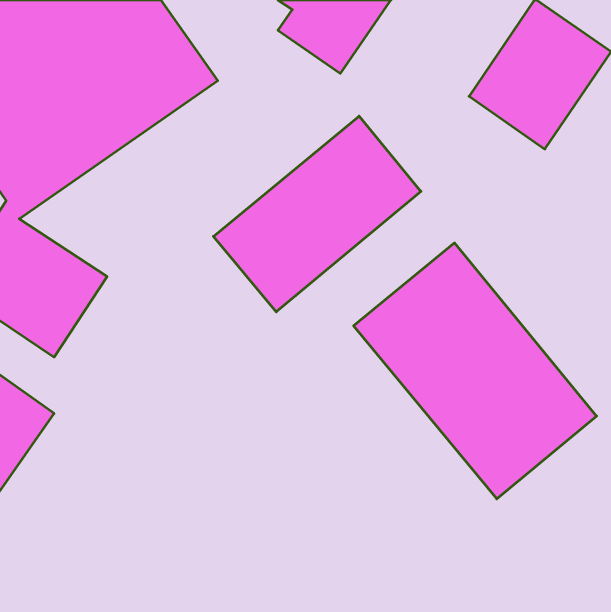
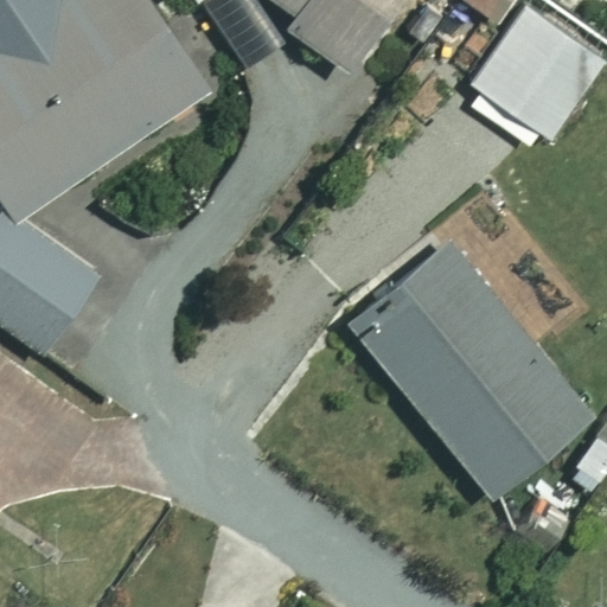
building: [213,116,421,312] -> none

